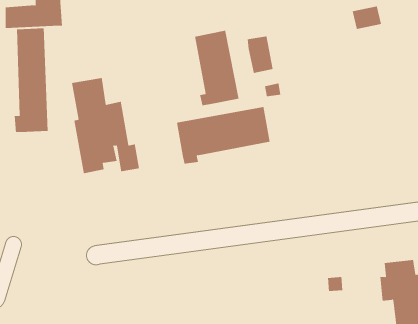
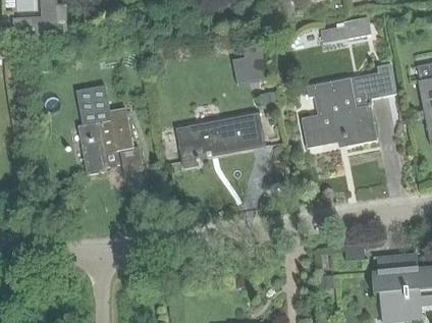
building: [14,28,48,133] -> none
building: [194,30,239,106] -> none
building: none -> [302,63,396,148]

